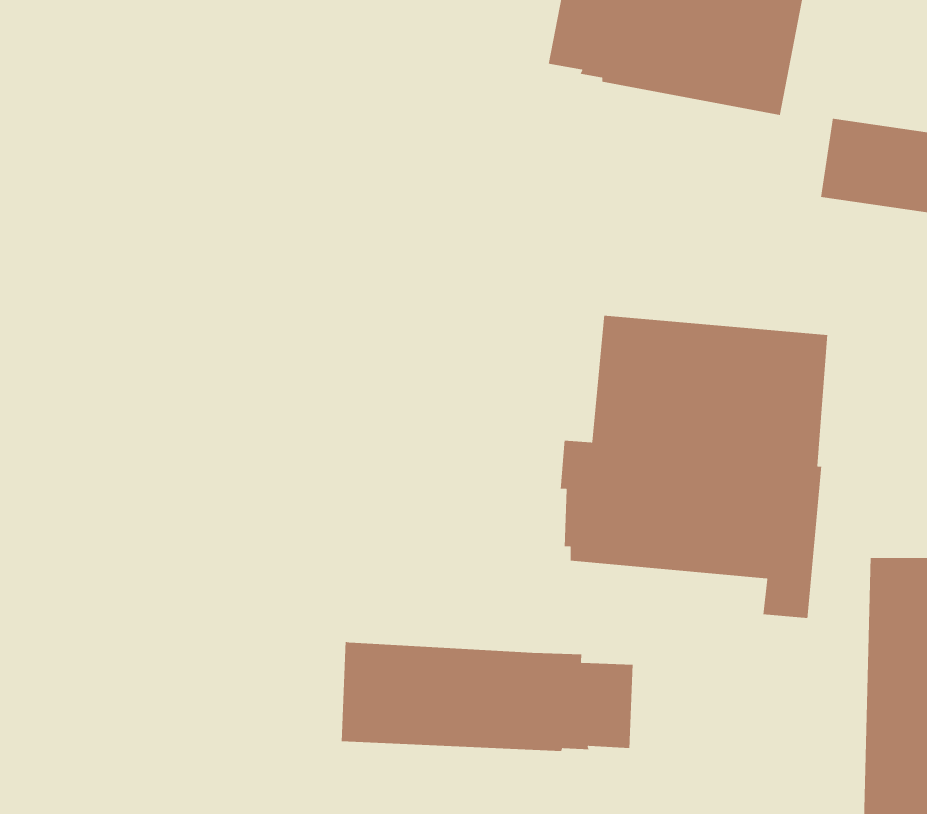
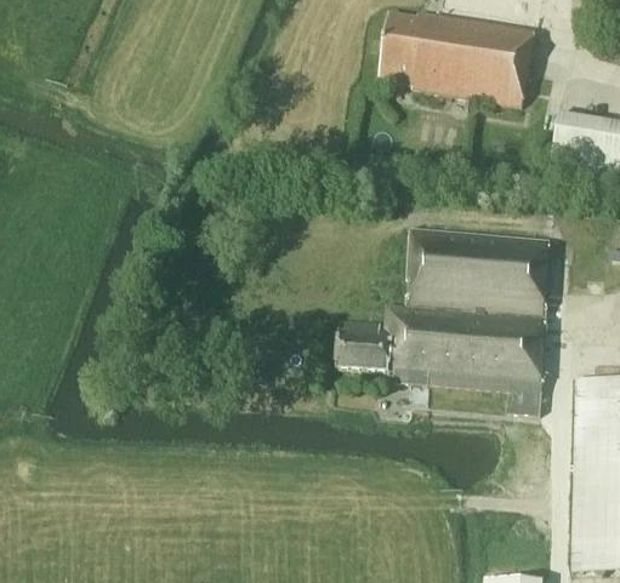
building: none -> [335,320,389,370]
building: [341,641,633,752] -> none

